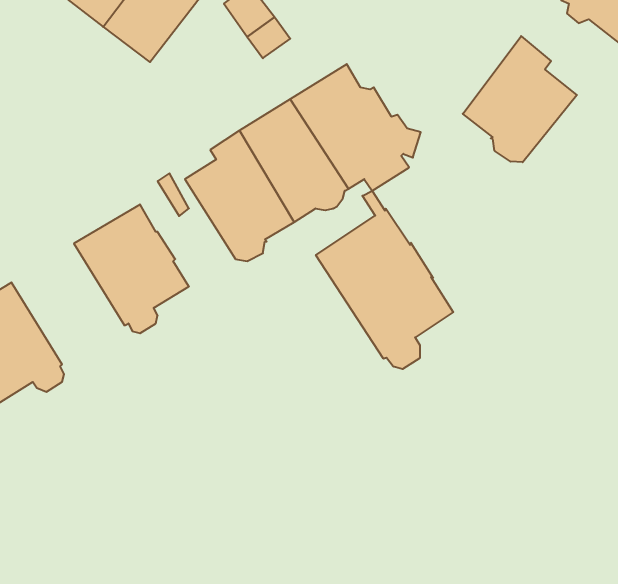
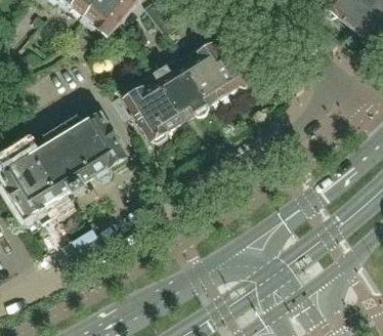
building: [463,36,577,162] -> none
building: [316,191,453,369] -> none
building: none -> [33,130,92,194]

